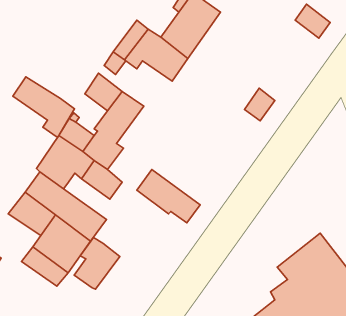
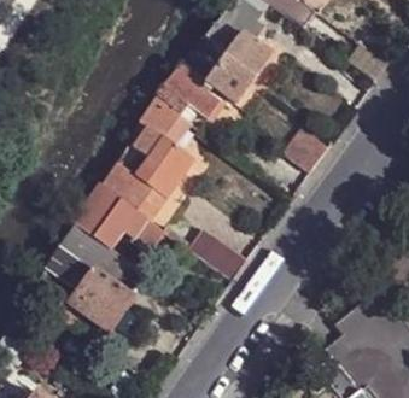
building: [13,77,75,137] -> none
building: [74,238,120,289] -> none

